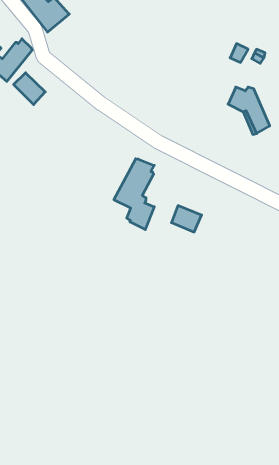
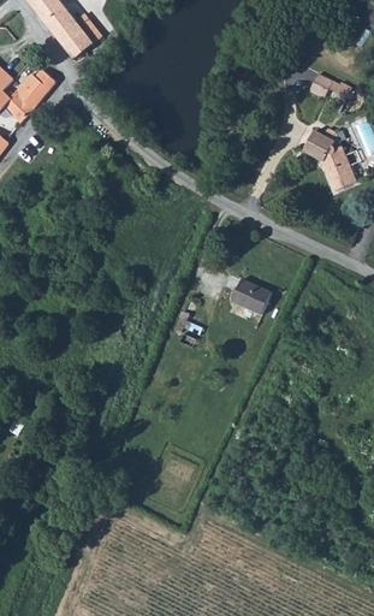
building: [14,73,45,105] -> none
building: [114,159,154,230] -> none

